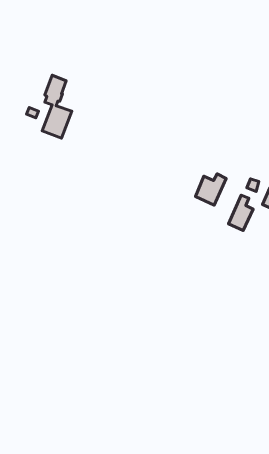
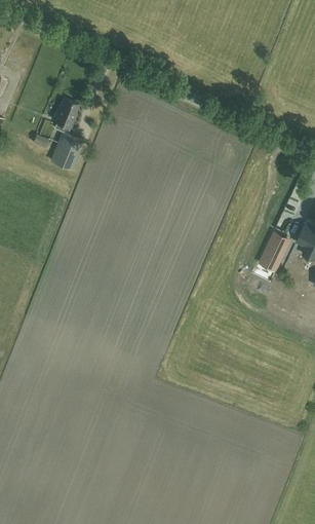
building: [195,174,226,205] -> none

